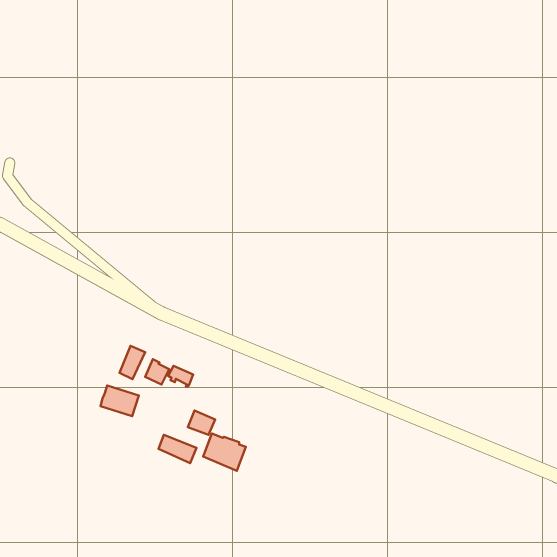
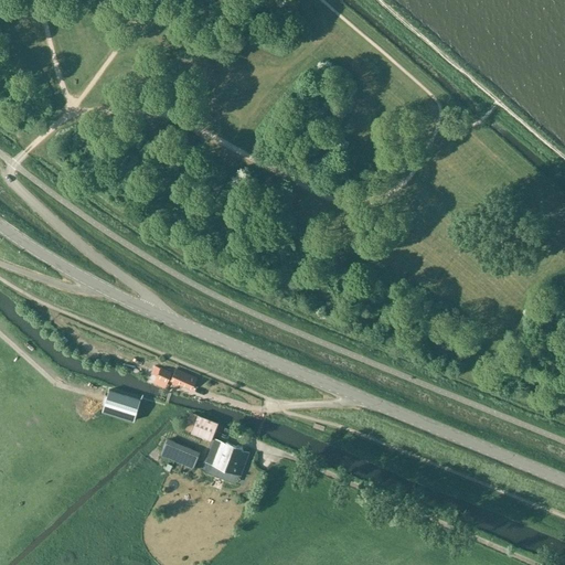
building: [119,346,145,379] -> none

